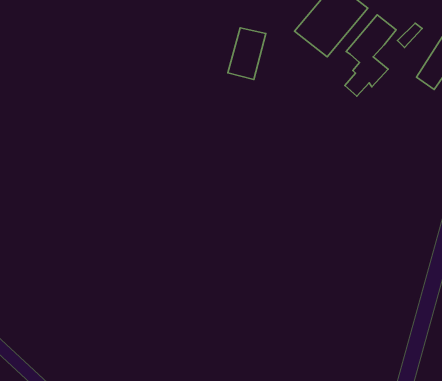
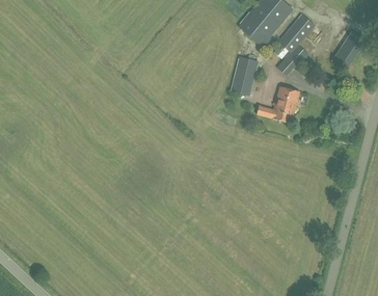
building: [228,28,266,79] -> [230,56,259,96]
building: none -> [256,85,300,123]

